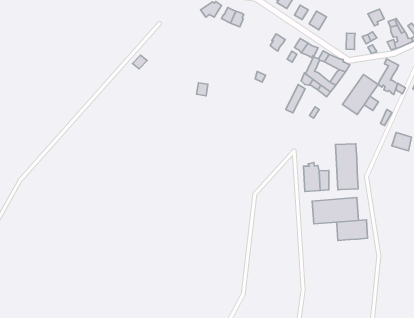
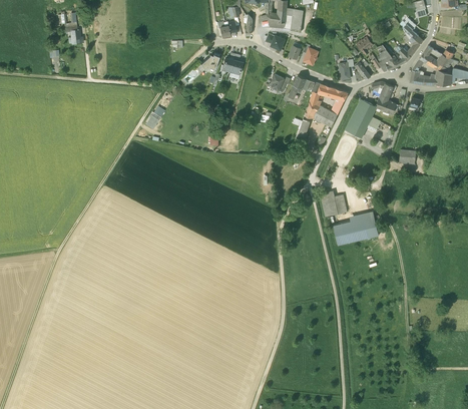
building: [335,144,358,190] -> none
building: [336,220,368,240] -> none

